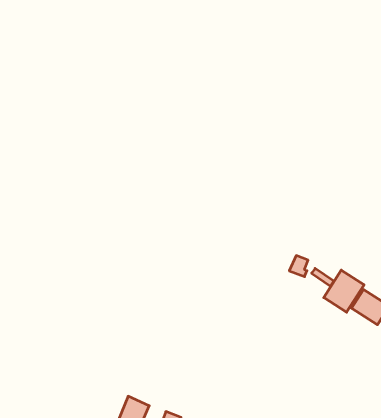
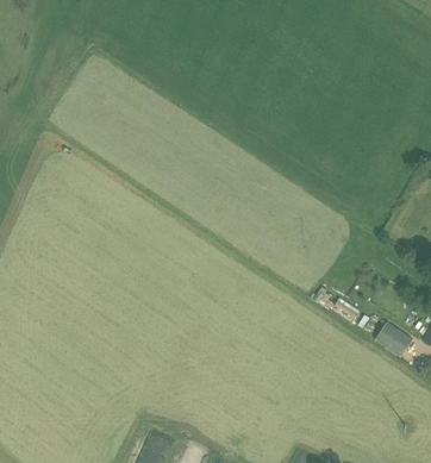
building: [324,270,364,312] -> none

